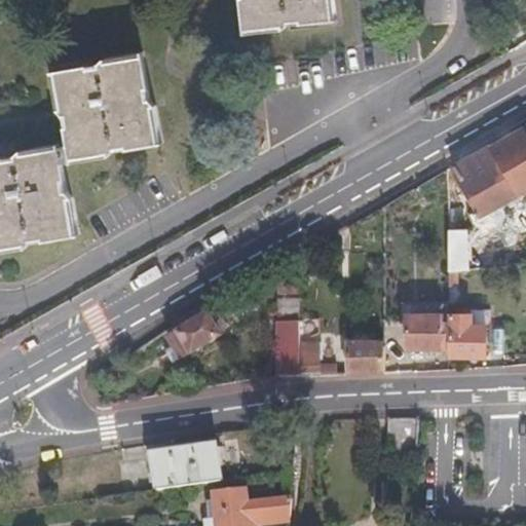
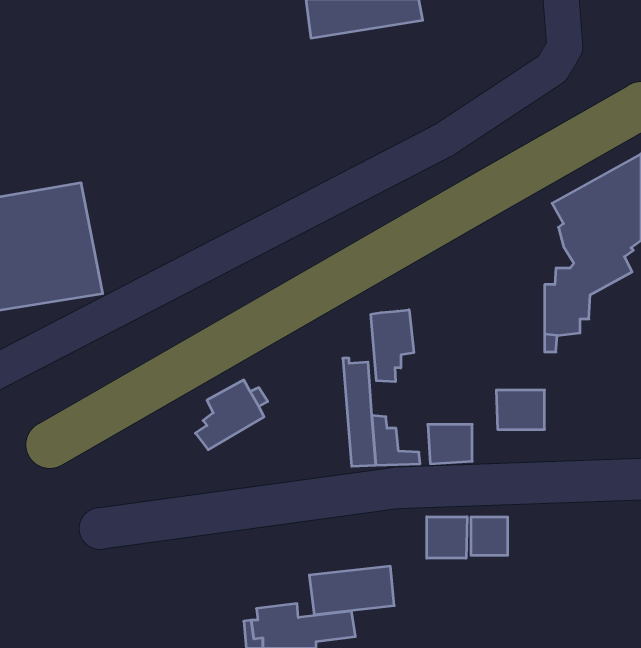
building: [63,55,164,157] -> none
building: none -> [371,310,414,382]
building: [446,314,478,356] -> none
building: none -> [427,517,467,558]
building: [144,447,213,486] -> [309,566,394,614]

